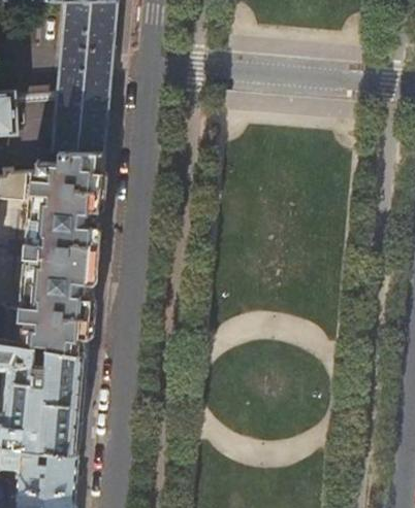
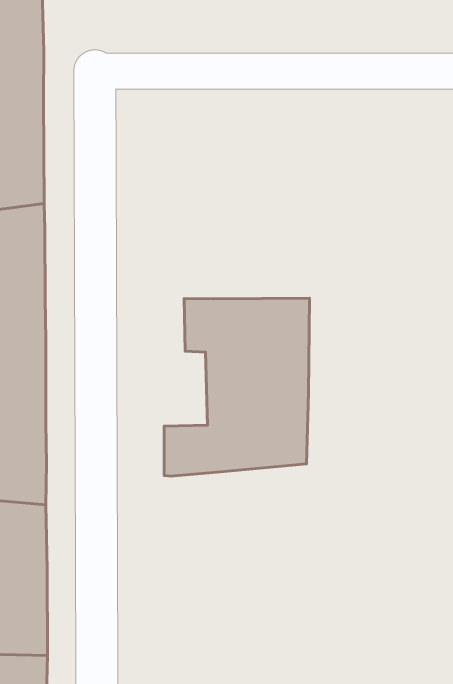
building: none -> [164,298,310,476]

